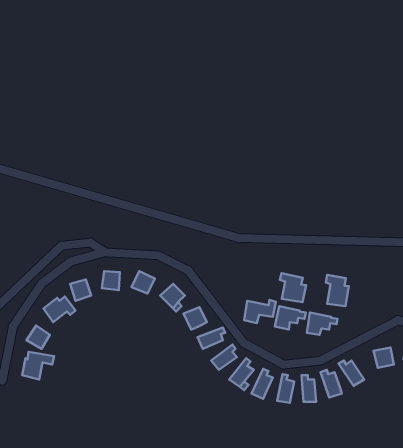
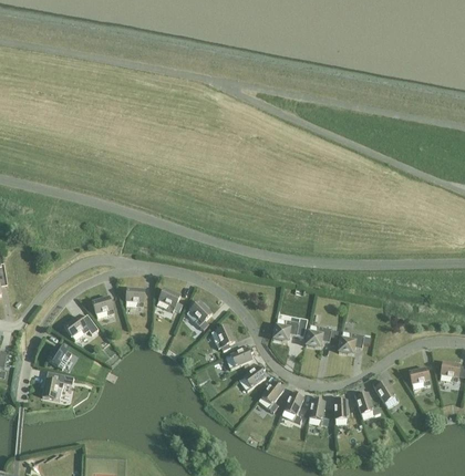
building: [280,273,306,302] -> none
building: [326,275,349,306] -> none

